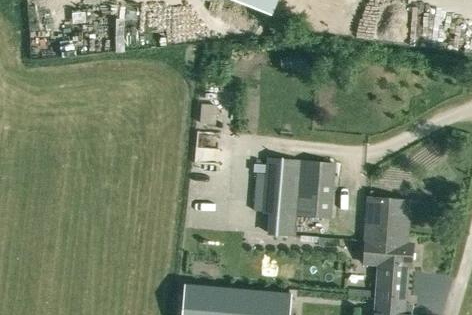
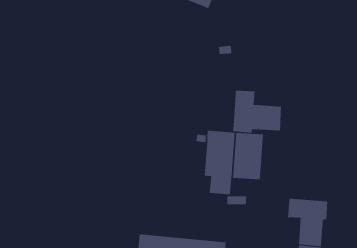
building: none -> [232,90,281,134]
building: [365,197,408,244] -> none

